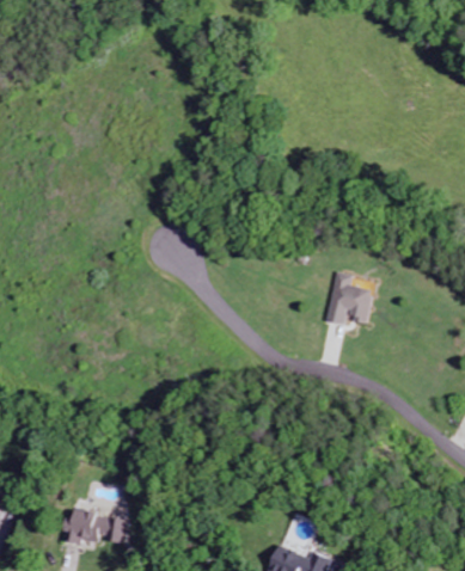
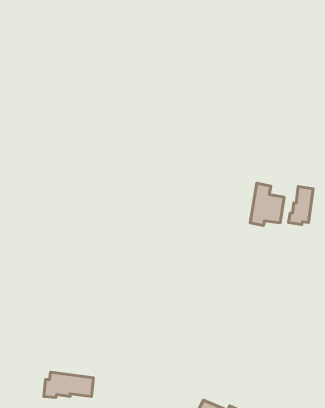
building: none -> [288,186,313,225]

